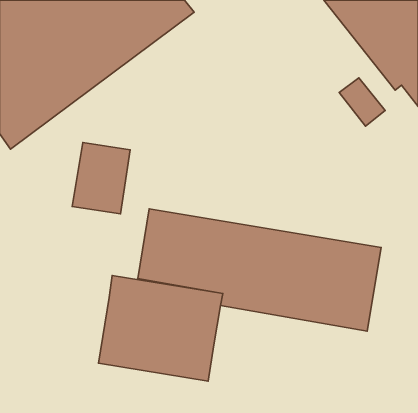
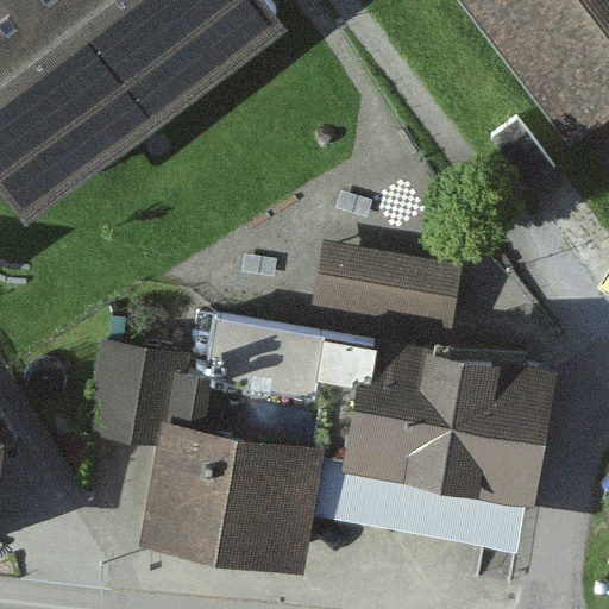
building: [72,143,130,214] -> [88,337,172,440]
building: none -> [313,243,465,325]
building: none -> [310,452,533,545]

